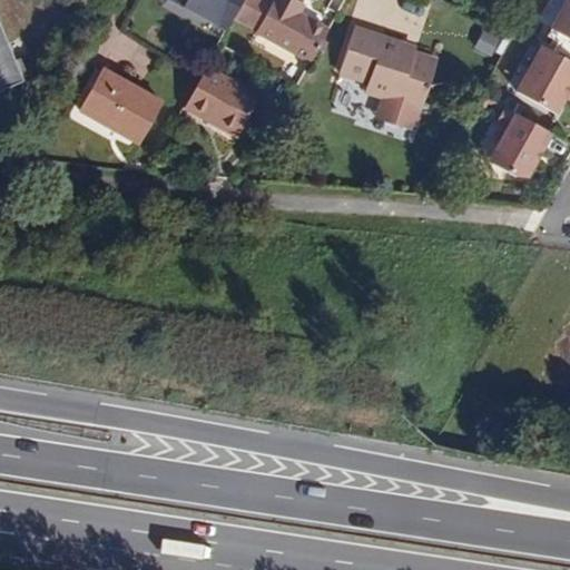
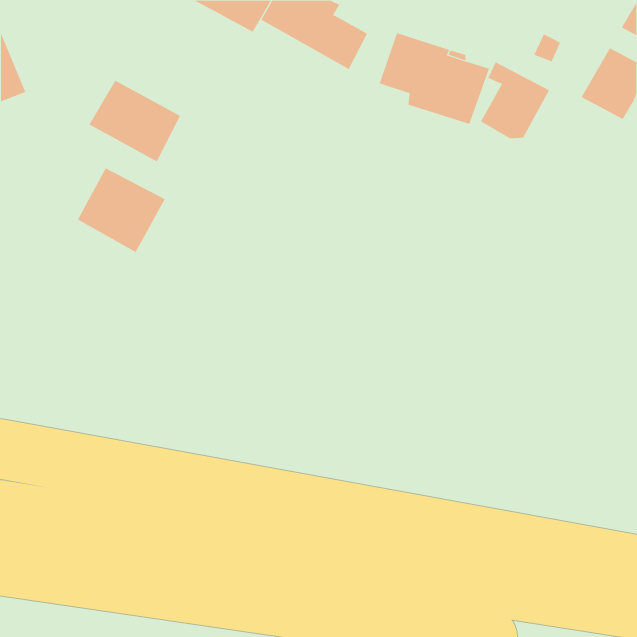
building: [184,69,259,137] -> none
building: [491,105,553,174] -> [480,62,550,139]
building: none -> [77,167,165,253]

